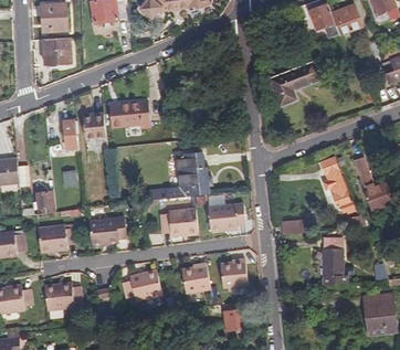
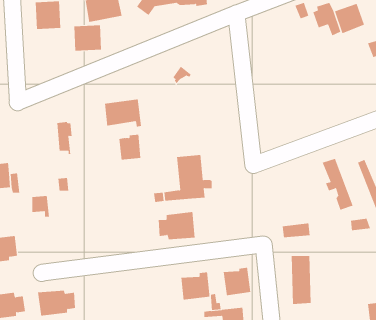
building: [43,38,71,63] -> [73,25,102,51]
building: [269,62,319,106] -> none
building: [84,115,106,140] -> [119,134,141,160]
building: [209,204,245,231] -> none
building: [88,216,125,244] -> none
building: [38,224,75,252] -> none
building: [324,236,344,284] -> [291,255,311,304]
building: [123,271,162,297] -> none

